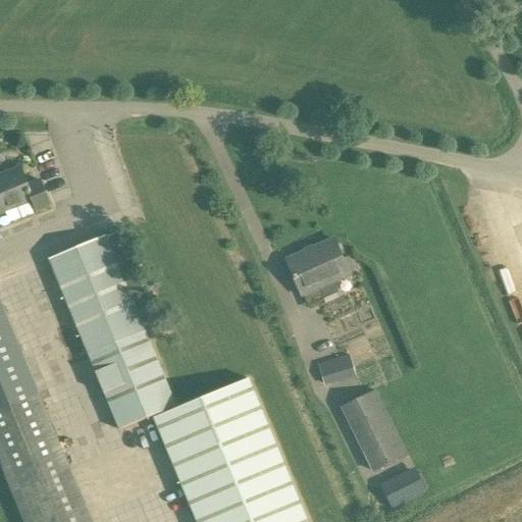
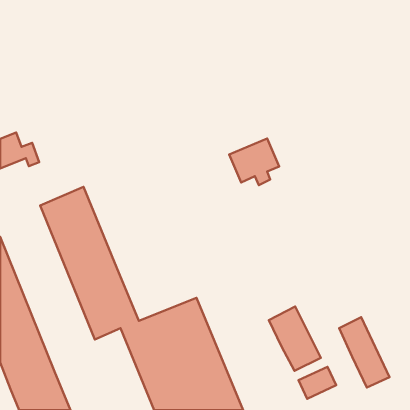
building: [286,240,350,299] -> [229,139,279,185]
building: [318,354,356,385] -> none
building: none -> [339,317,389,387]

